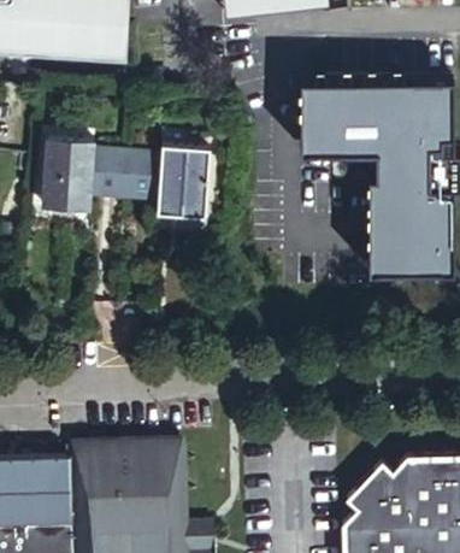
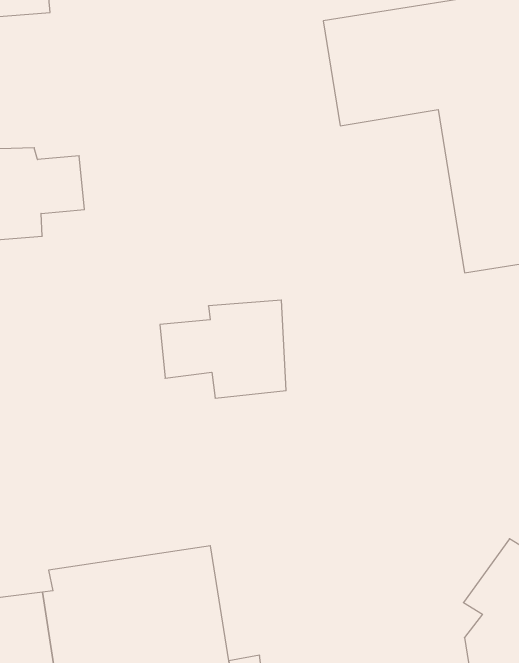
building: [122,152,208,217] -> [160,300,286,398]

